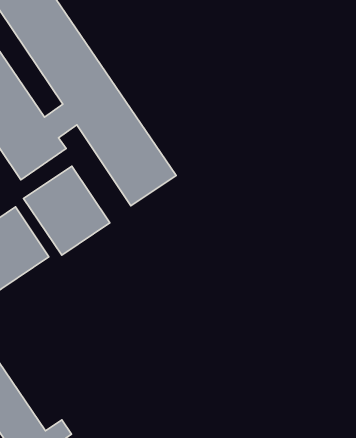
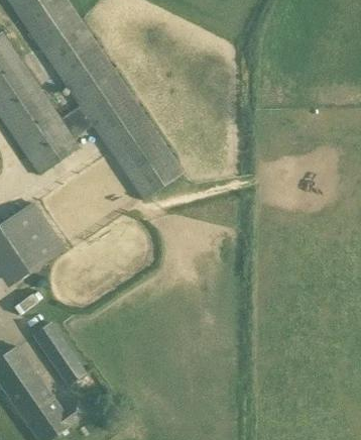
building: [24,166,110,255] -> none
building: none -> [32,320,86,383]

